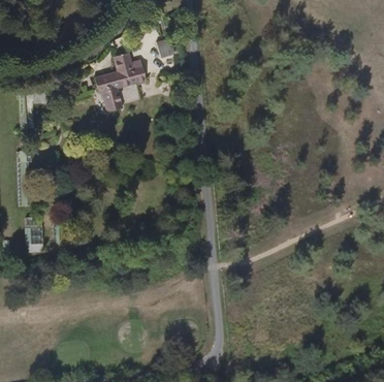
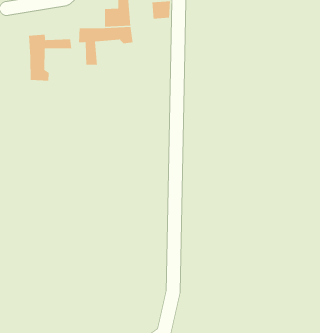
building: none -> [28,34,72,81]

